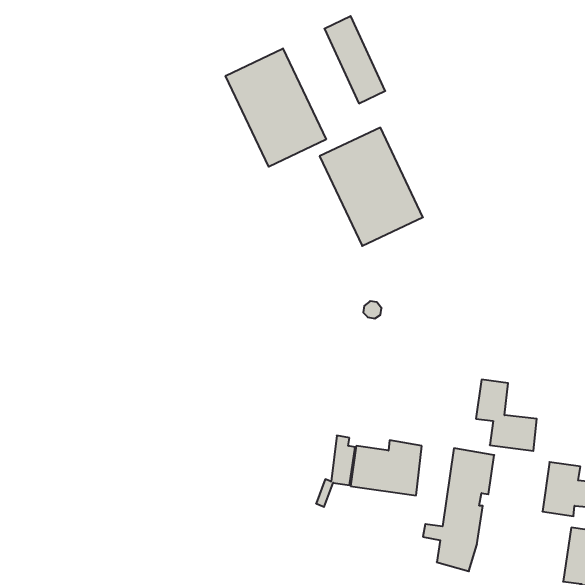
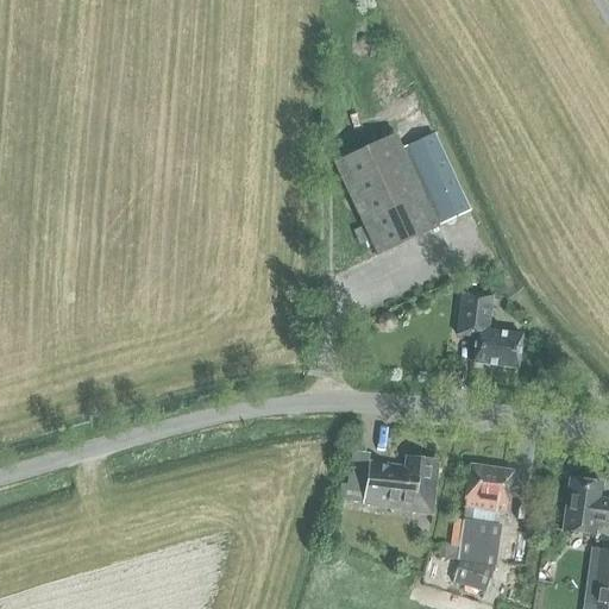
building: [324,16,385,103] -> [408,132,471,222]
building: [226,48,326,167] -> none
building: [476,380,537,451] -> [459,293,522,366]

